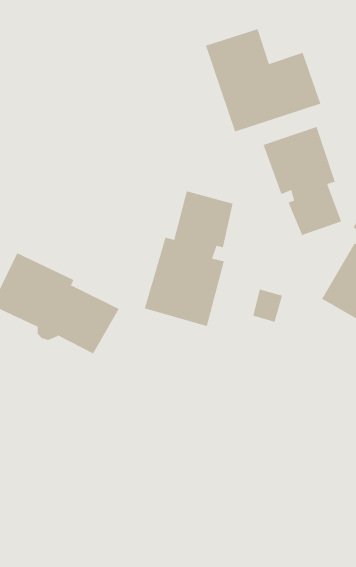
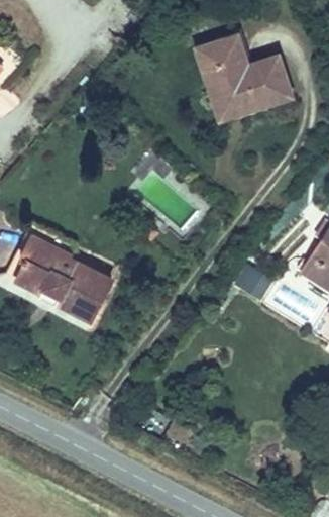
building: [263,126,342,236] -> none
building: [144,190,233,327] -> none

